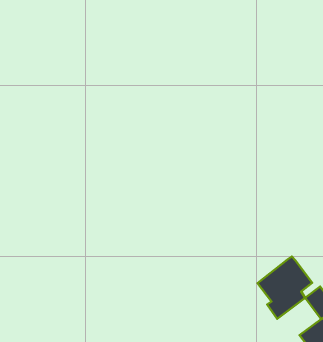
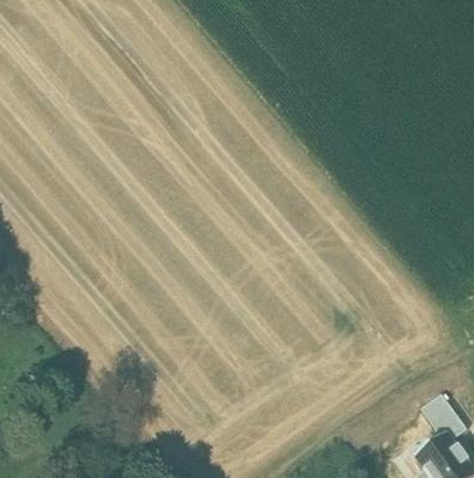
building: [258,256,312,319] -> none

